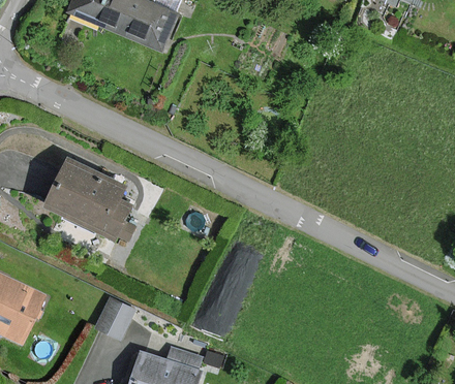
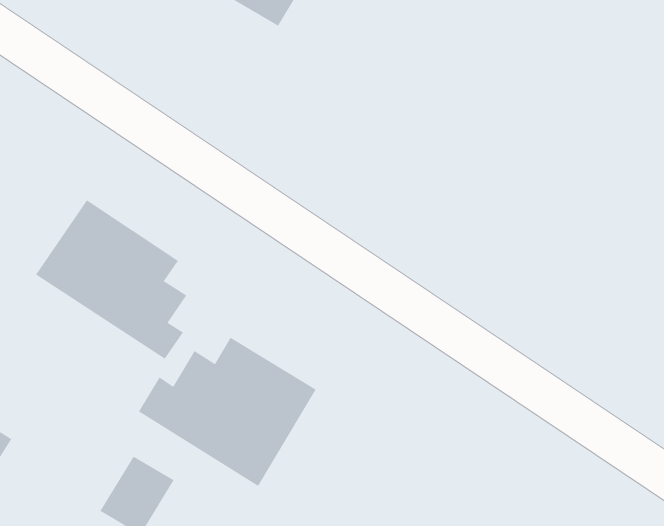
building: none -> [138,337,317,487]

